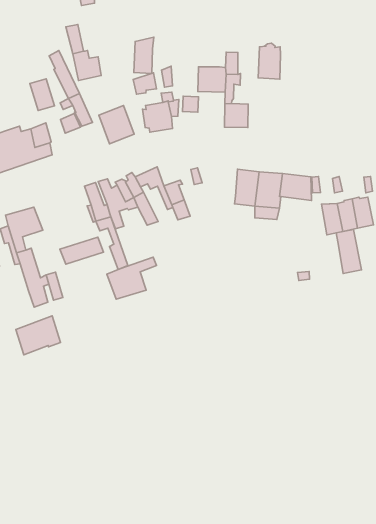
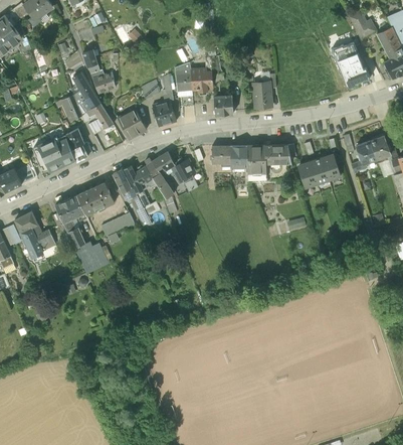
building: [134,37,154,73] -> [176,61,192,91]
building: [258,43,280,79] -> [253,80,272,108]
building: none -> [212,146,231,167]
building: none -> [76,182,114,215]
building: [336,229,362,274] -> none
building: [107,257,156,299] -> none
building: [16,316,61,355] -> none

